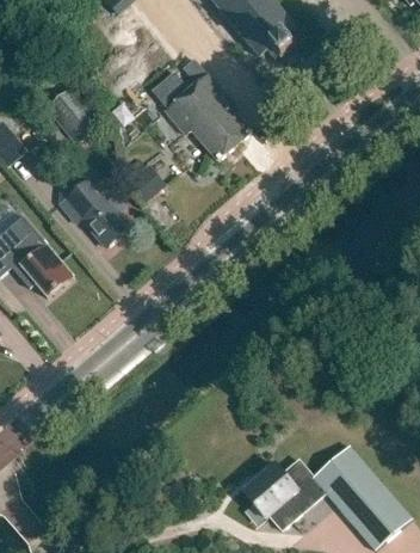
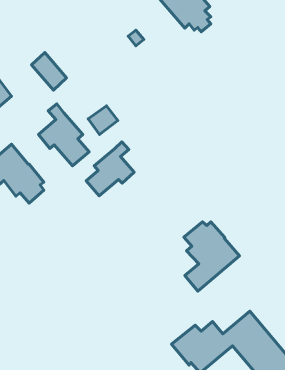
building: [150,70,249,160] -> none
building: none -> [86,142,134,196]
building: none -> [184,222,240,291]

